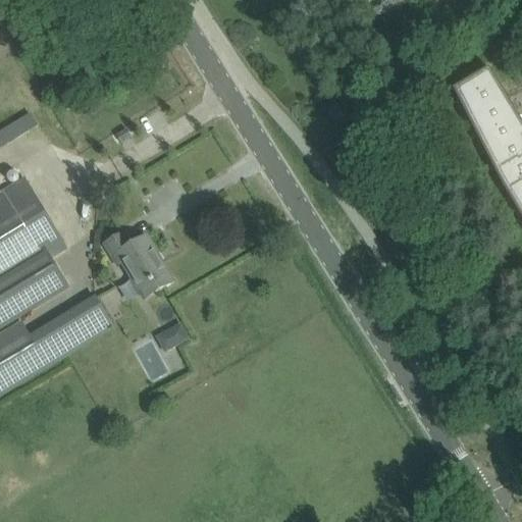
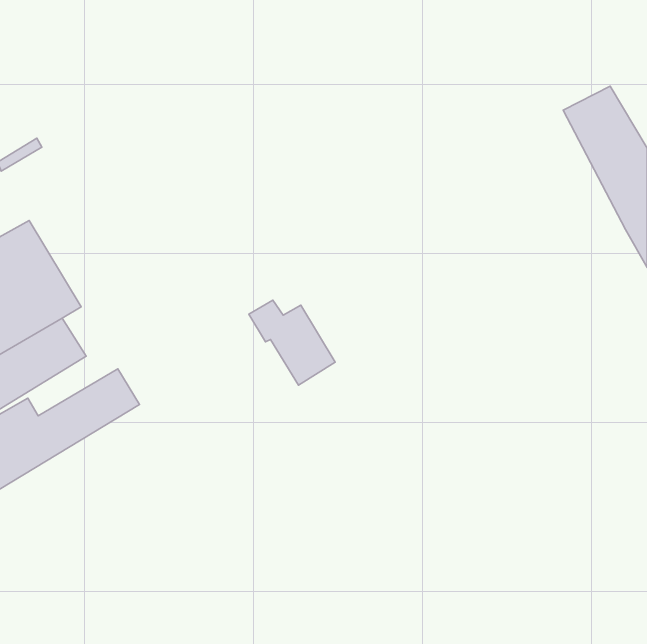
building: [104,230,173,299] -> [249,300,335,385]
building: [134,322,187,378] -> none

